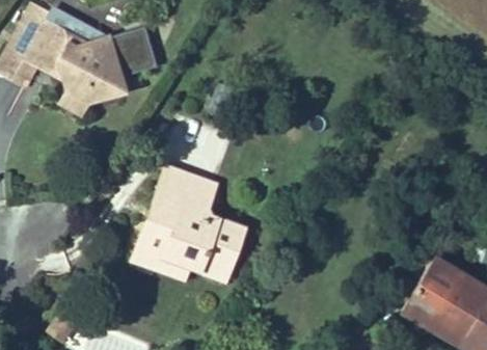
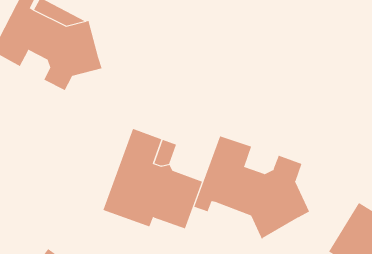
building: [113,26,161,78] -> none
building: none -> [193,135,310,240]

